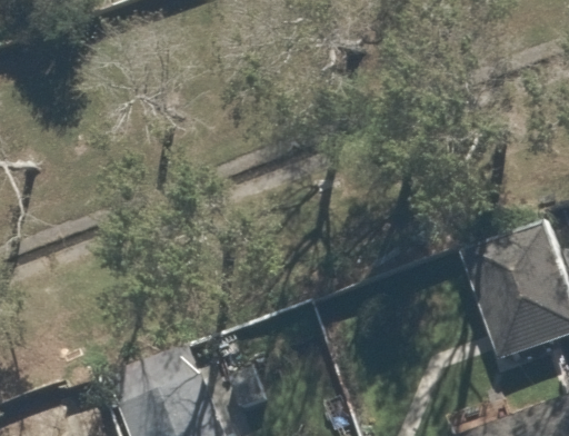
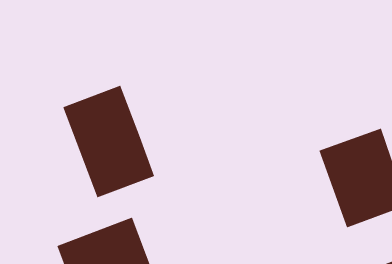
building: none -> [62,85,155,198]

